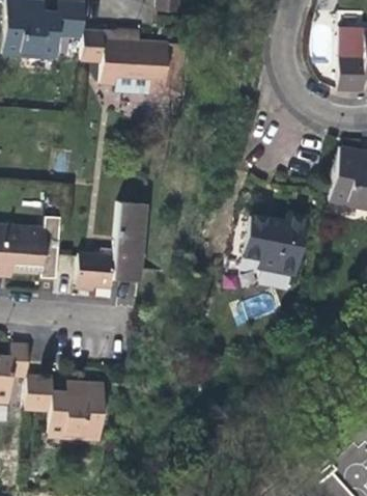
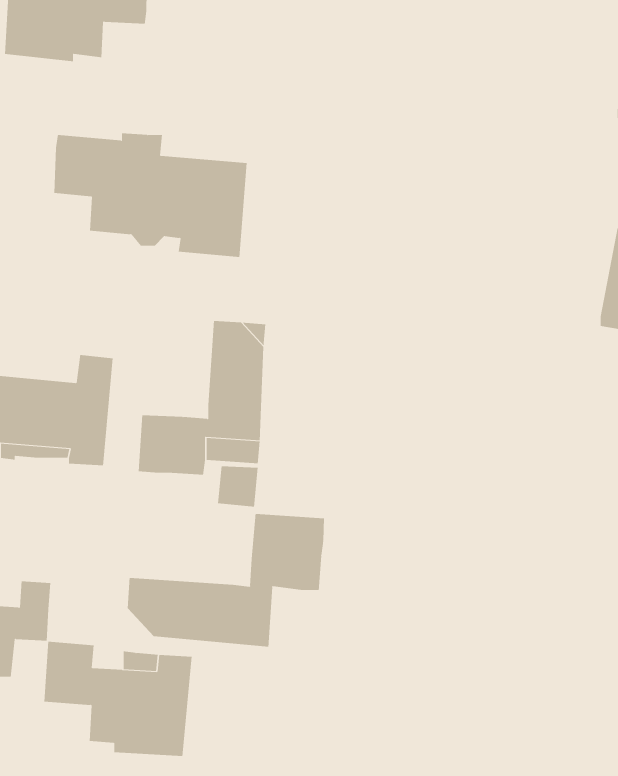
building: [80,28,187,97] -> [53,133,248,257]
building: [244,216,309,275] -> none
building: none -> [127,513,325,647]

